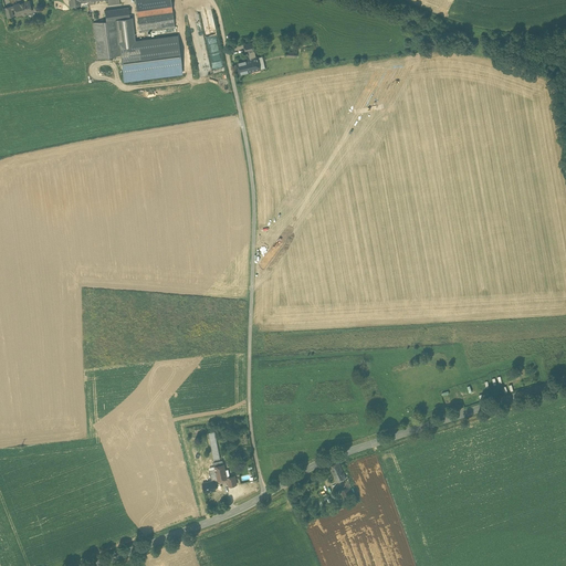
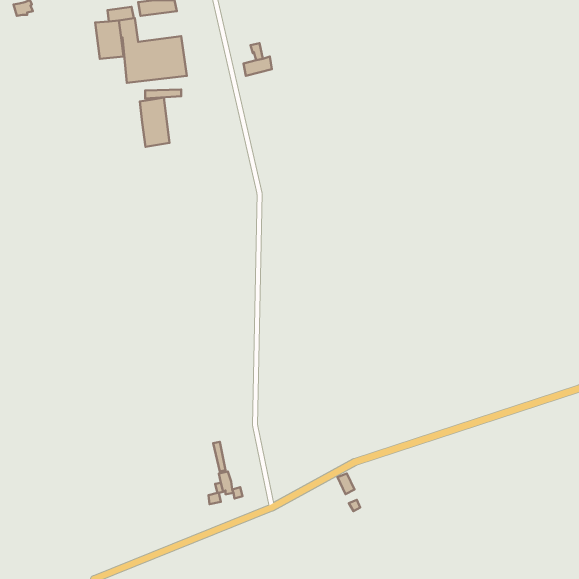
building: [137,11,175,32] -> none
building: none -> [140,97,169,147]

